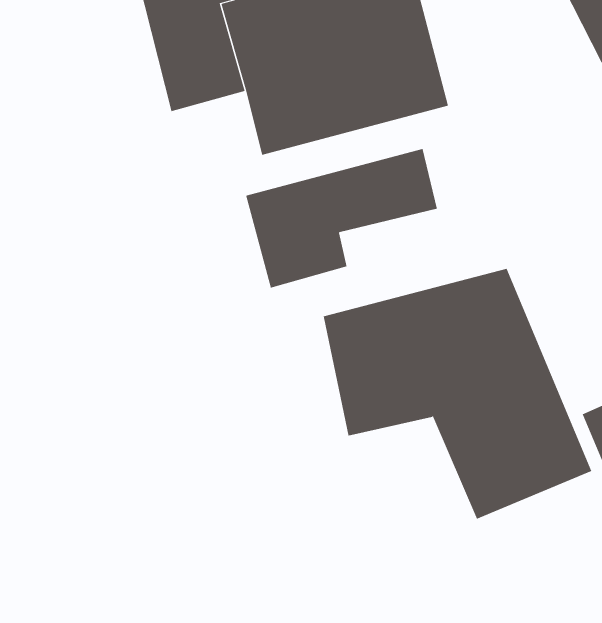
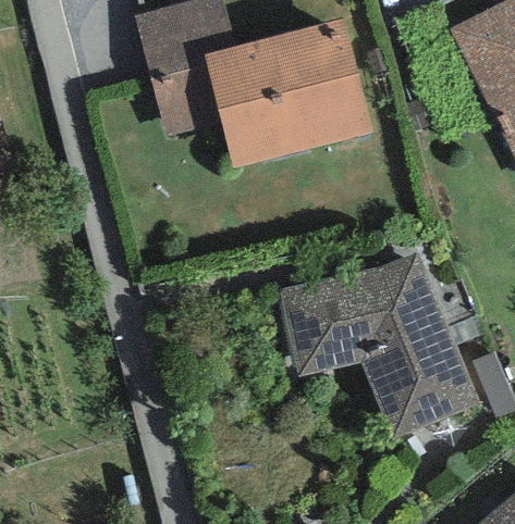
building: [246,148,437,288] -> none

